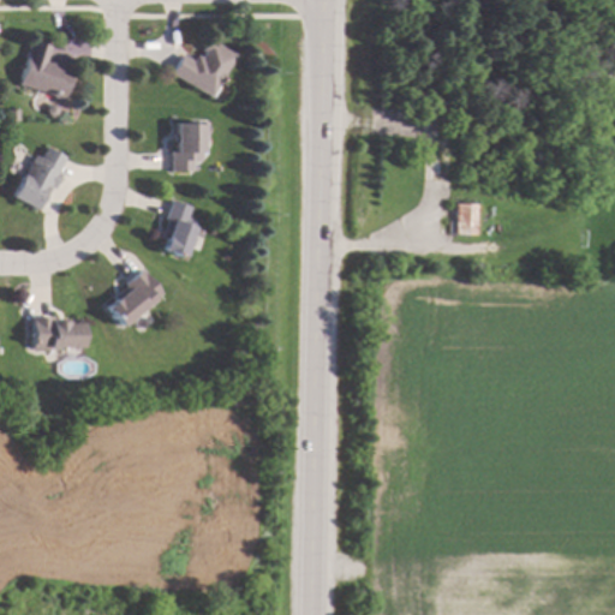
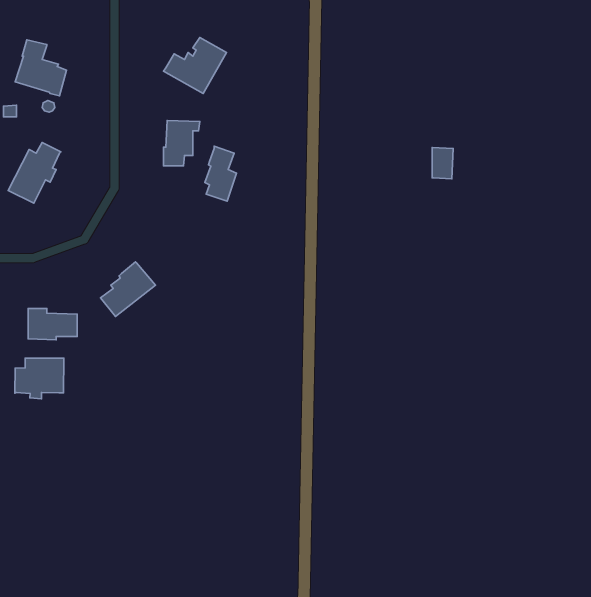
building: [165,199,197,256] -> [205,146,236,201]
building: [456,202,478,234] -> [432,147,453,179]
building: none -> [15,358,64,399]

